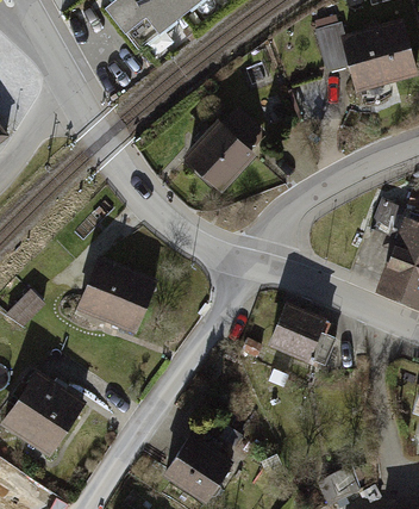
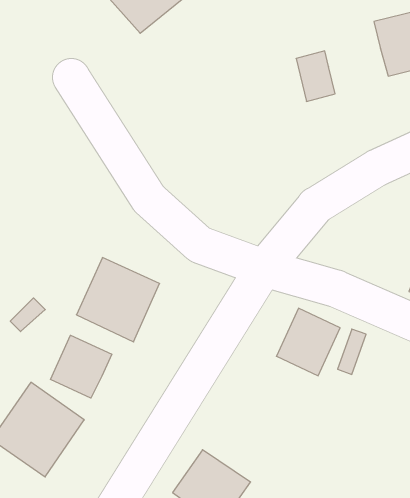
building: [320,25,356,72] -> [296,51,335,101]
building: [188,124,254,190] -> none
building: none -> [51,335,112,398]

